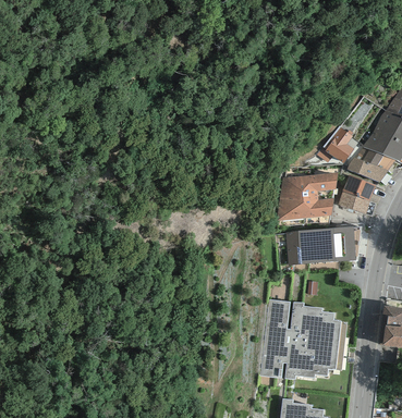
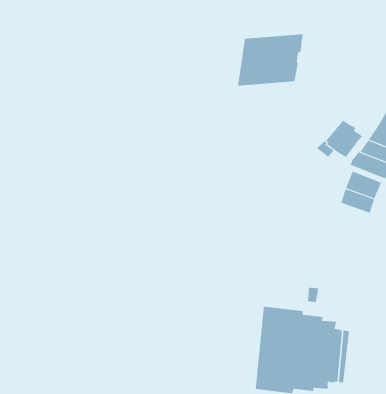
building: [277,172,338,220] -> [237,34,304,86]
building: [285,225,355,265] -> none

